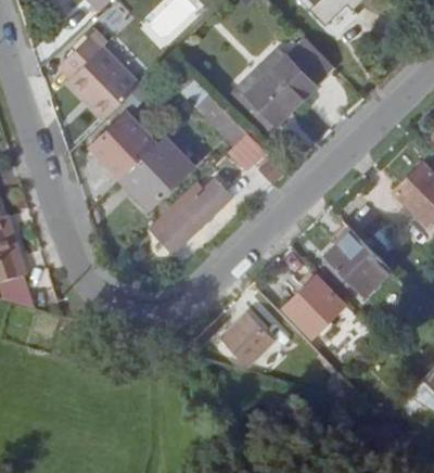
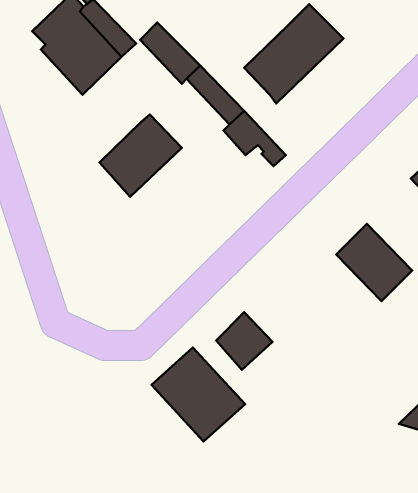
building: [227,46,285,128] -> none
building: [88,108,155,177] -> none
building: [154,180,234,252] -> none
building: [284,273,344,332] -> none
building: none -> [151,347,245,441]

